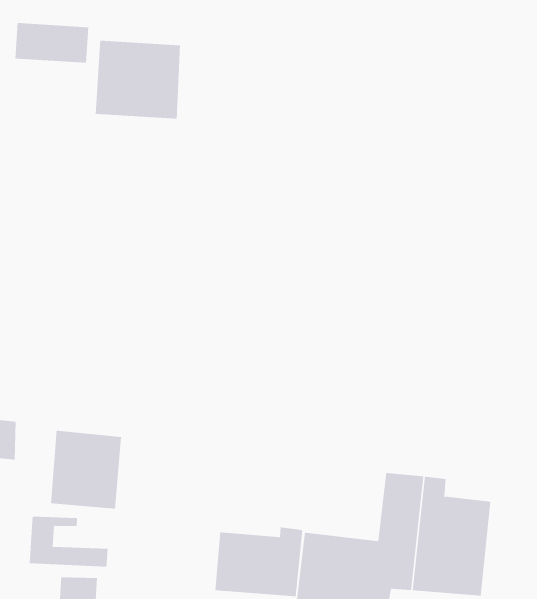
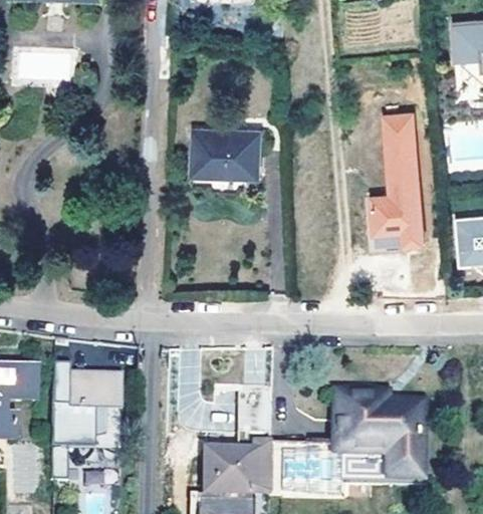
building: [95,40,181,120] -> none
building: none -> [365,110,424,250]
building: none -> [193,127,260,174]

